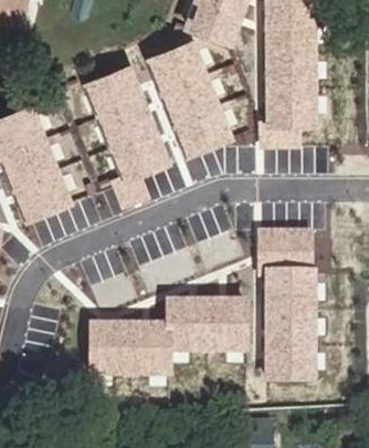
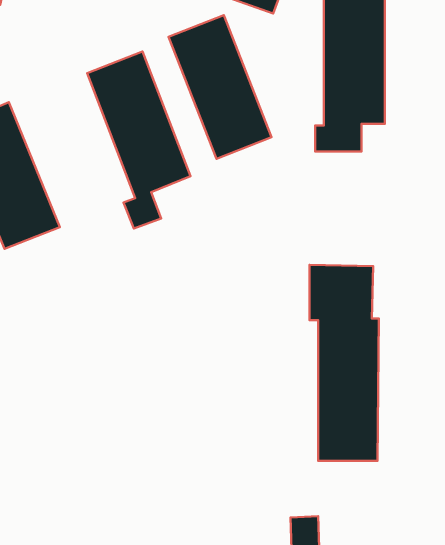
building: [89,300,243,371] -> none

